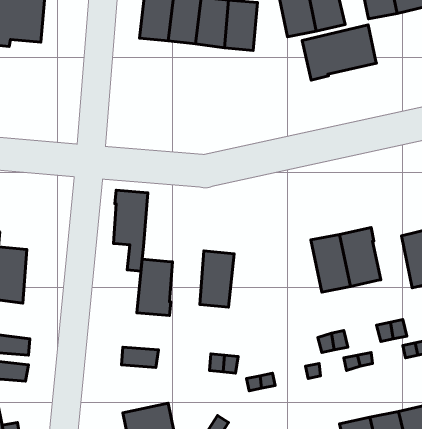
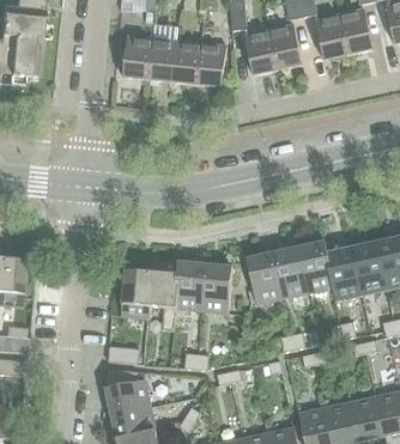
building: [302,25,377,80] -> none
building: [113,190,148,271] -> [150,259,180,329]
building: none -> [327,248,362,299]
building: none -> [247,251,283,303]
building: none -> [201,263,232,312]
building: none -> [105,367,149,402]

